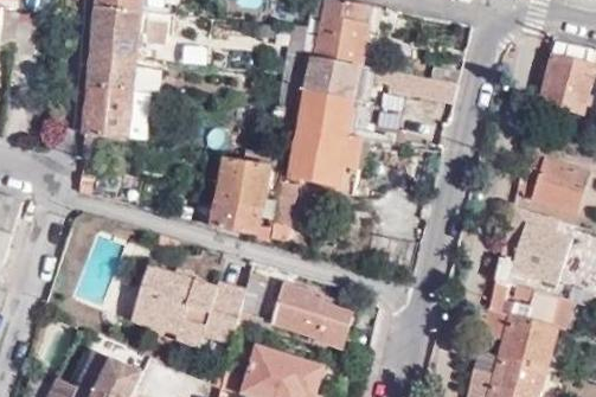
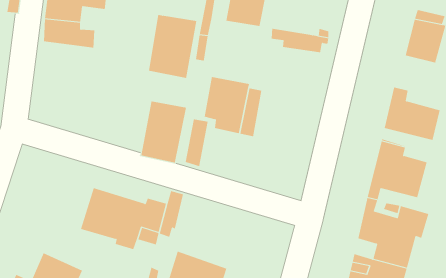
building: [299,57,360,137] -> [148,14,197,78]
building: [84,84,133,137] -> none
building: [269,282,350,350] -> none

